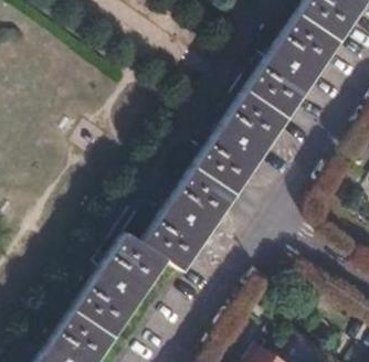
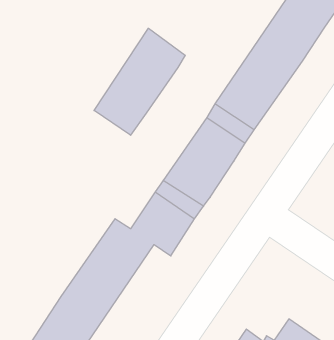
building: none -> [94,28,185,135]

